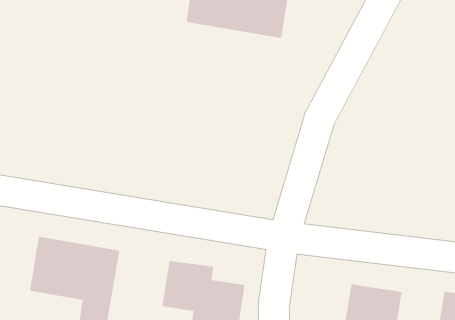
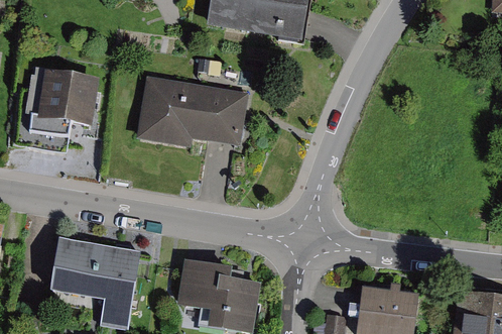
building: none -> [37,71,101,127]
building: none -> [137,73,248,146]

